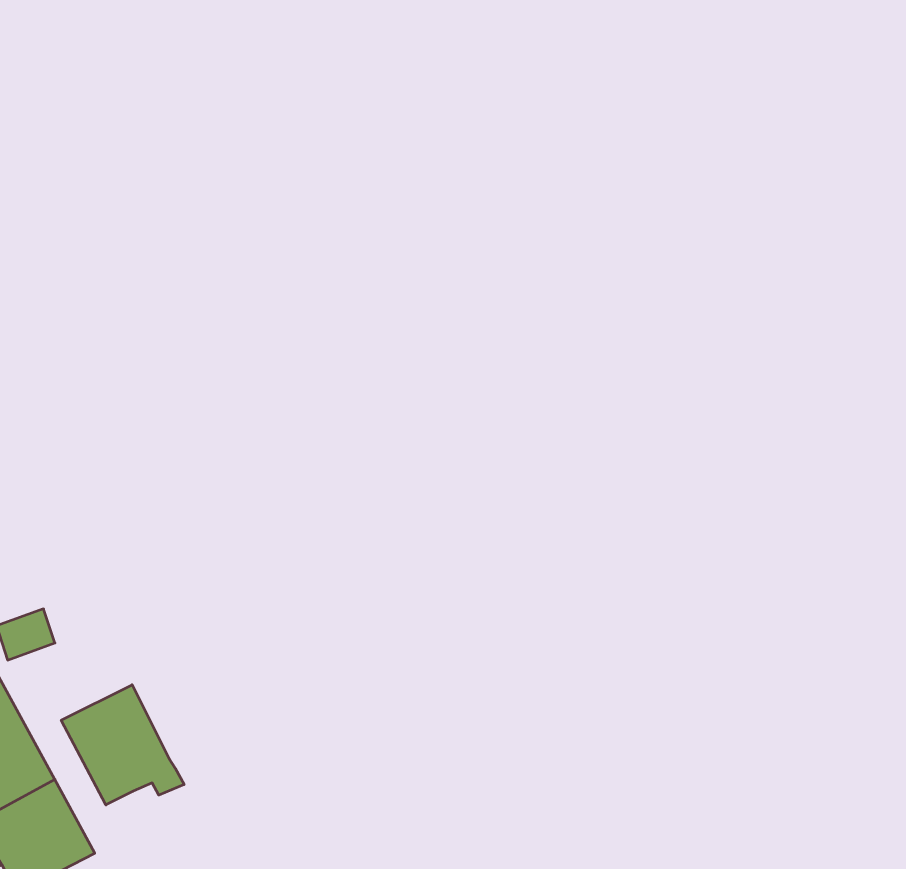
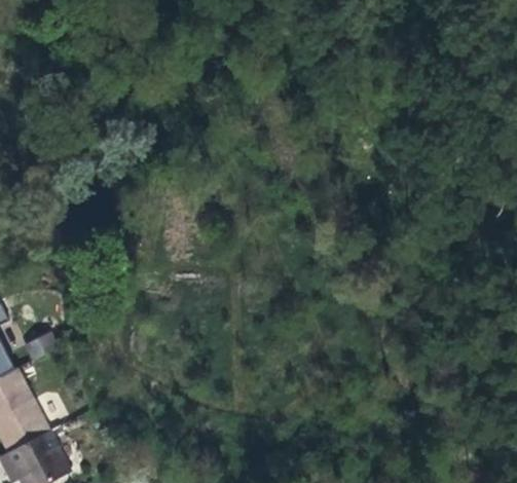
building: [61,685,184,805] -> none

